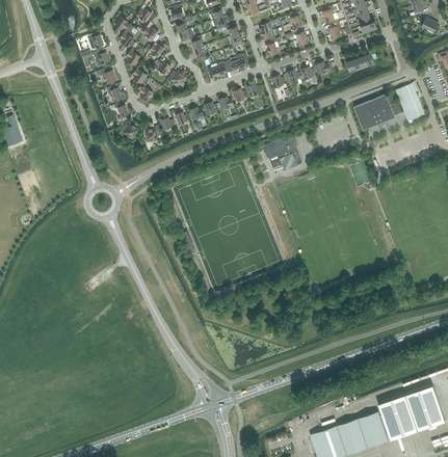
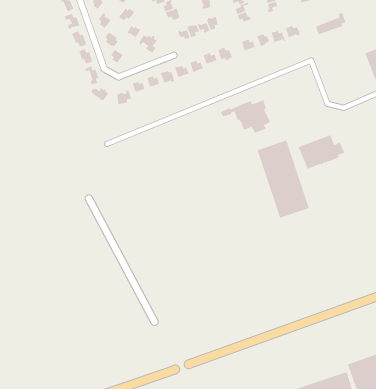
building: [353,93,401,129] -> [298,134,345,169]
building: none -> [257,140,310,219]

